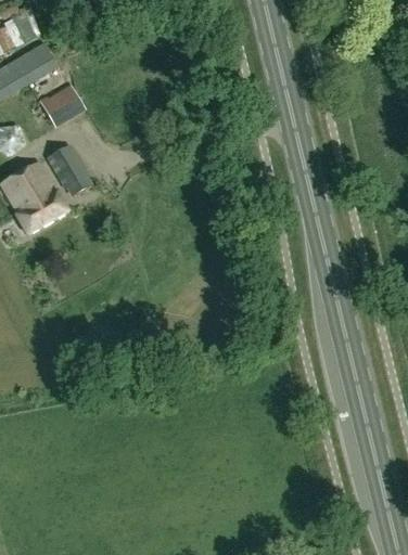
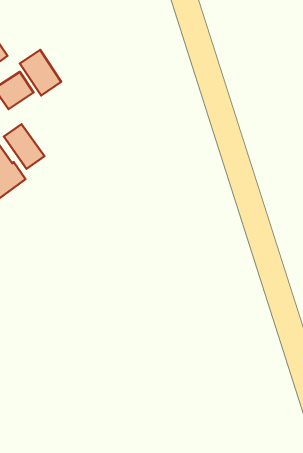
building: none -> [20,50,61,95]

